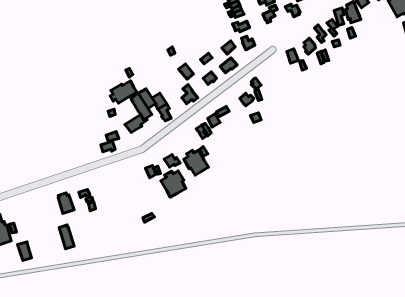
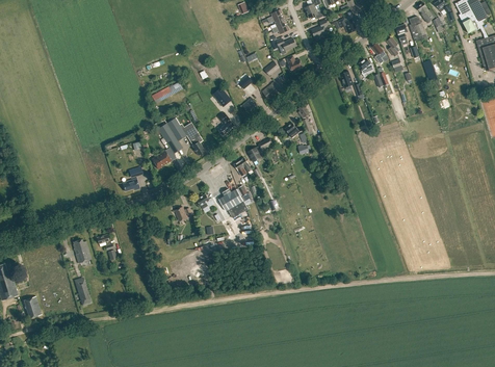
building: [110,81,137,103] -> none
building: [161,171,186,197] -> none

